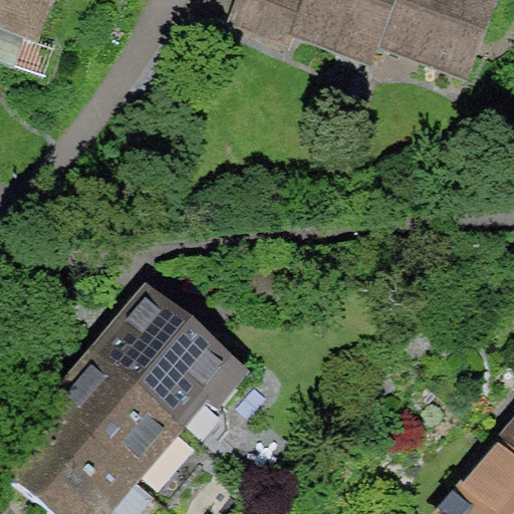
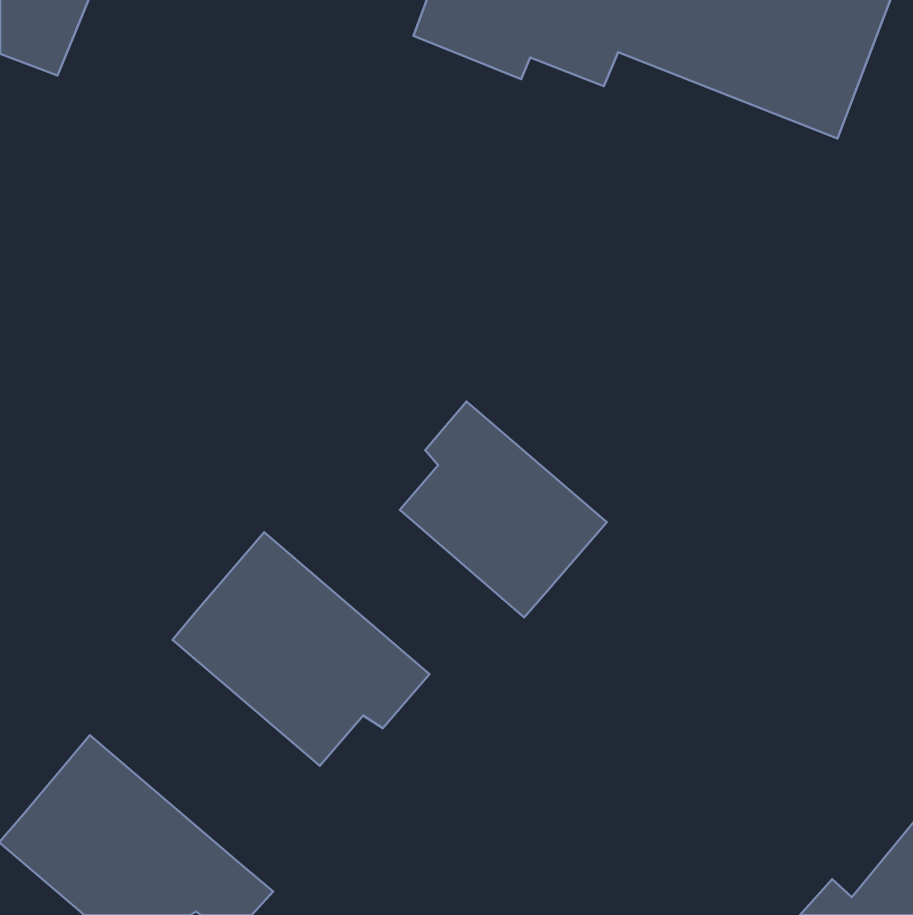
building: none -> [400,402,607,617]
building: [53,357,182,482] -> none

